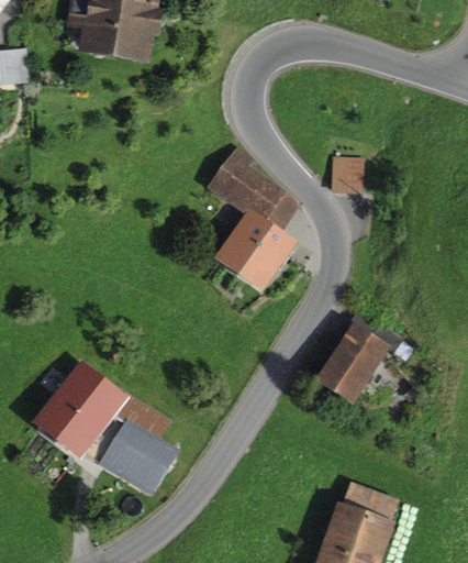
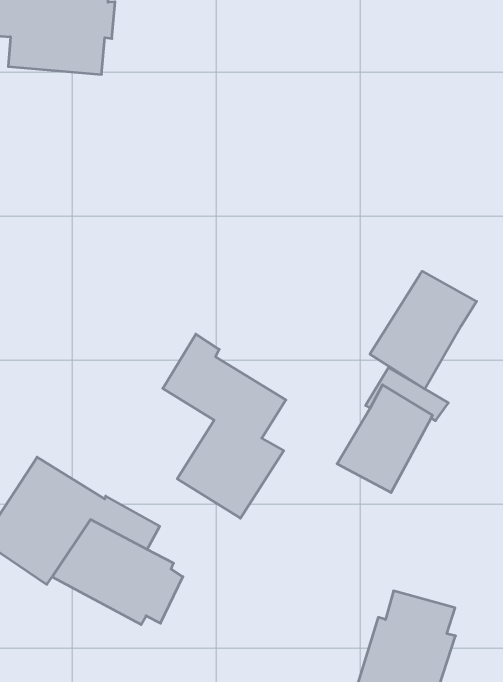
building: [208,146,303,292] -> [163,334,286,518]
building: [331,155,363,192] -> none
building: none -> [370,271,477,389]

